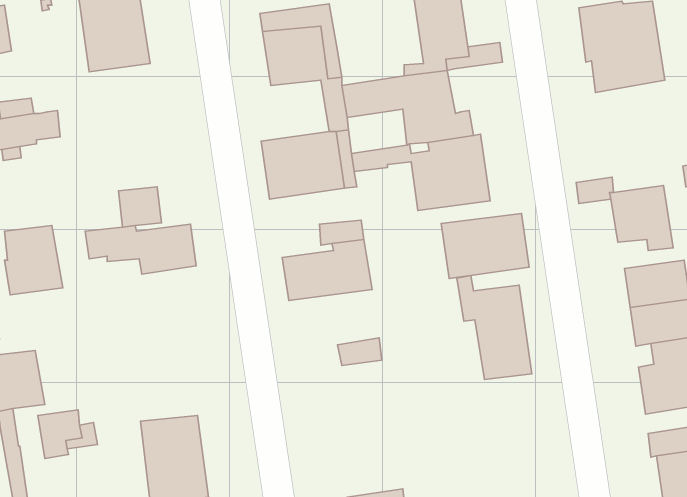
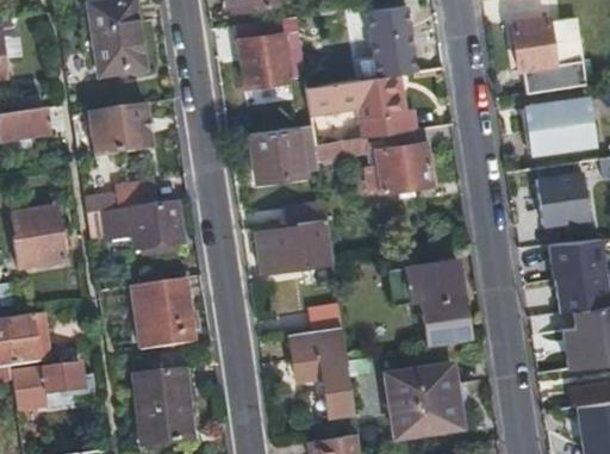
building: none -> [527,95,592,150]
building: none -> [89,104,150,155]
building: [441,214,529,279] -> none
building: none -> [133,279,194,349]
building: none -> [291,326,355,415]
building: none -> [392,362,461,434]

